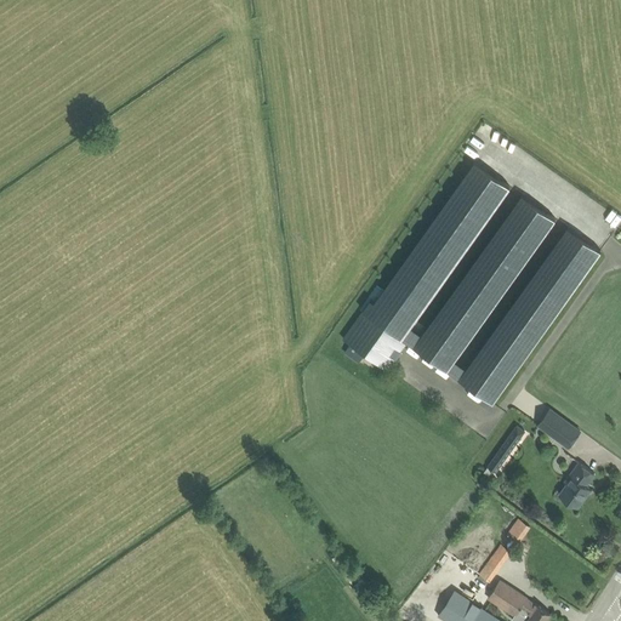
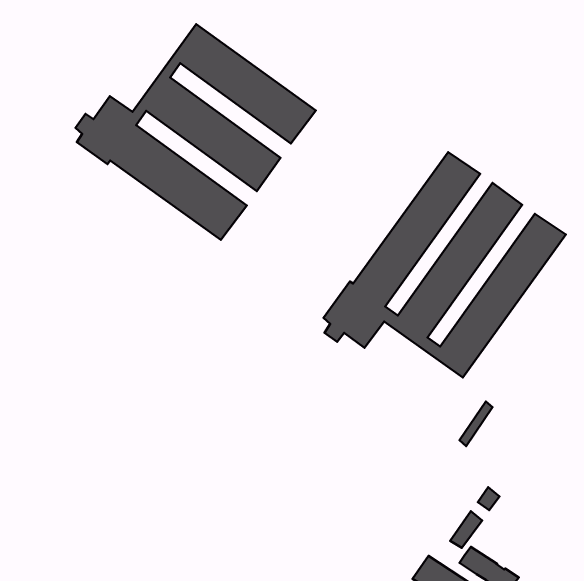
building: none -> [75,24,316,240]
building: [536,410,581,451] -> none
building: [560,466,594,511] -> none

